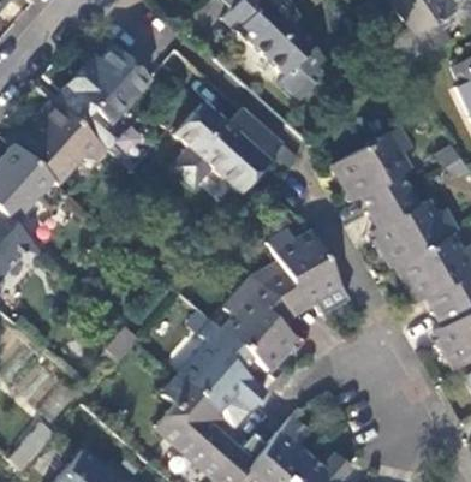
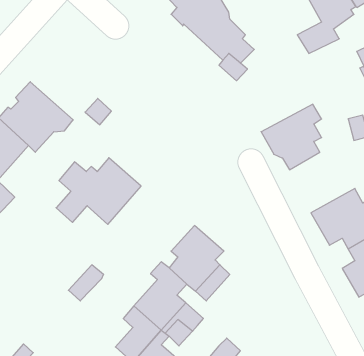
building: [55,50,144,147] -> none
building: [173,106,278,188] -> [56,158,141,224]
building: [369,189,455,266] -> none
building: [252,232,339,310] -> none

